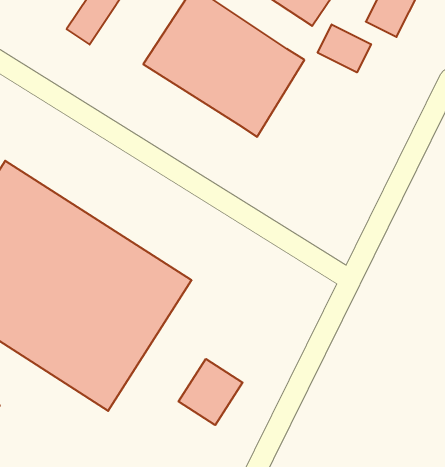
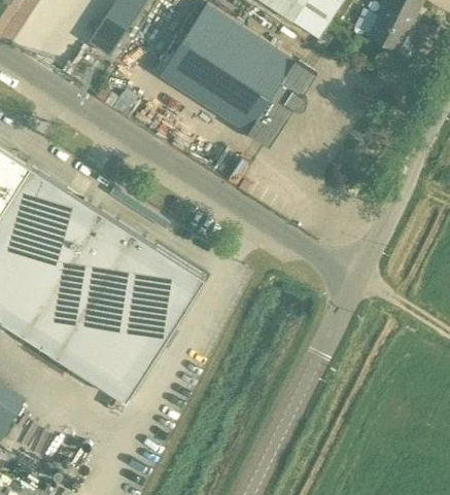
building: [318,24,371,72] -> none
building: [179,359,243,425] -> none

